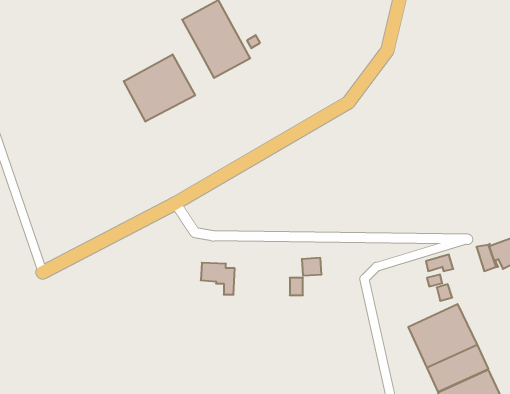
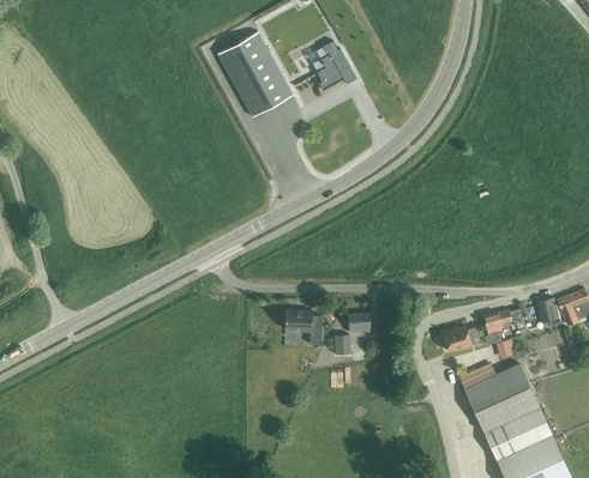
building: none -> [317,41,356,90]
building: [124,54,195,122] -> none
building: [201,263,235,295] -> [284,308,321,343]
building: none -> [443,326,481,351]

